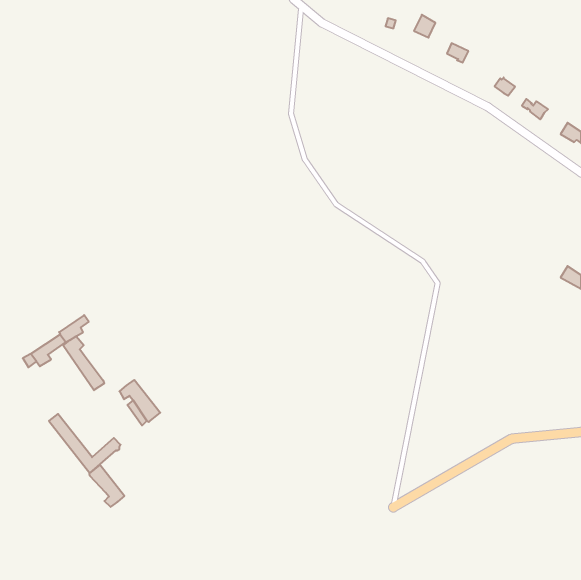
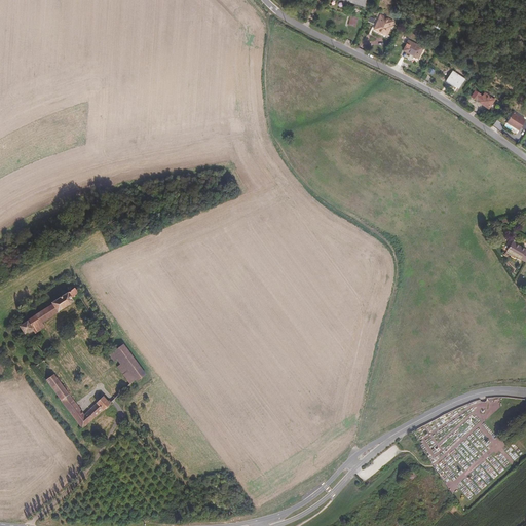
building: [63,336,104,390] -> none
building: [89,465,124,507] -> none

